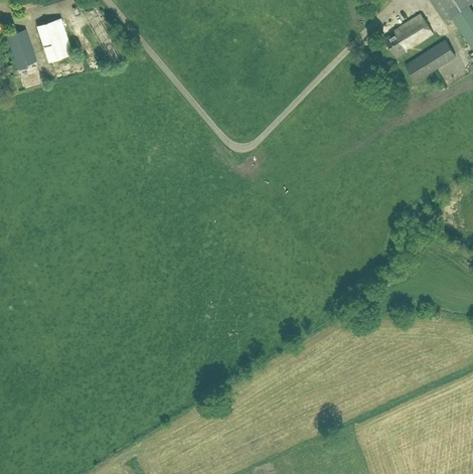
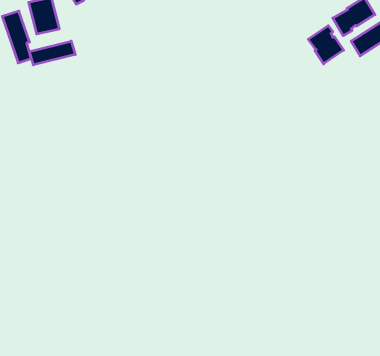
building: none -> [308,26,344,64]
building: none -> [29,41,75,65]

